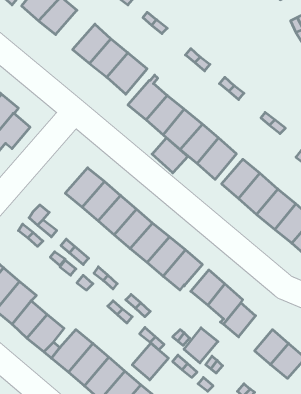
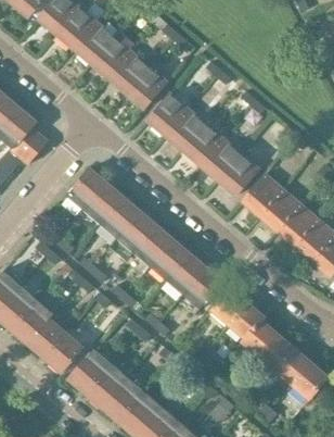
building: none -> [73,22,113,62]
building: [152,138,188,173] -> none
building: none -> [66,167,105,209]
building: [184,328,218,363] -> [259,334,294,370]
building: [132,343,168,380] -> none

